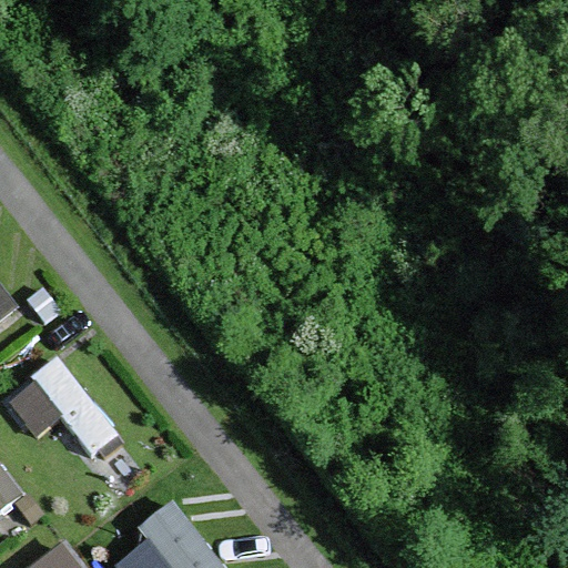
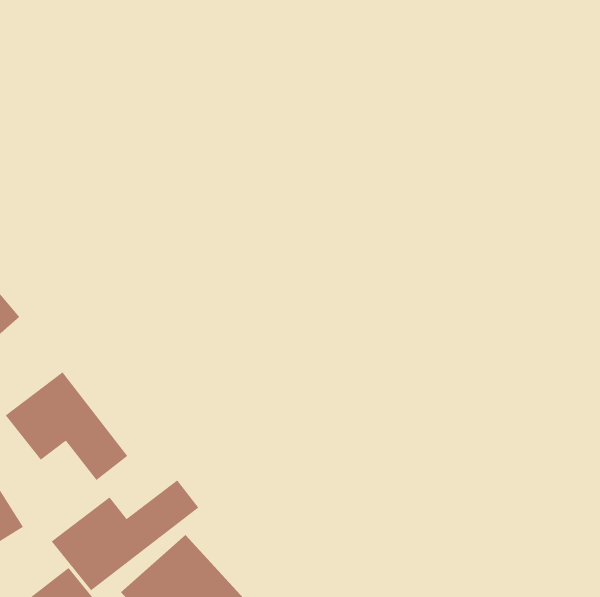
building: none -> [51,479,199,591]

